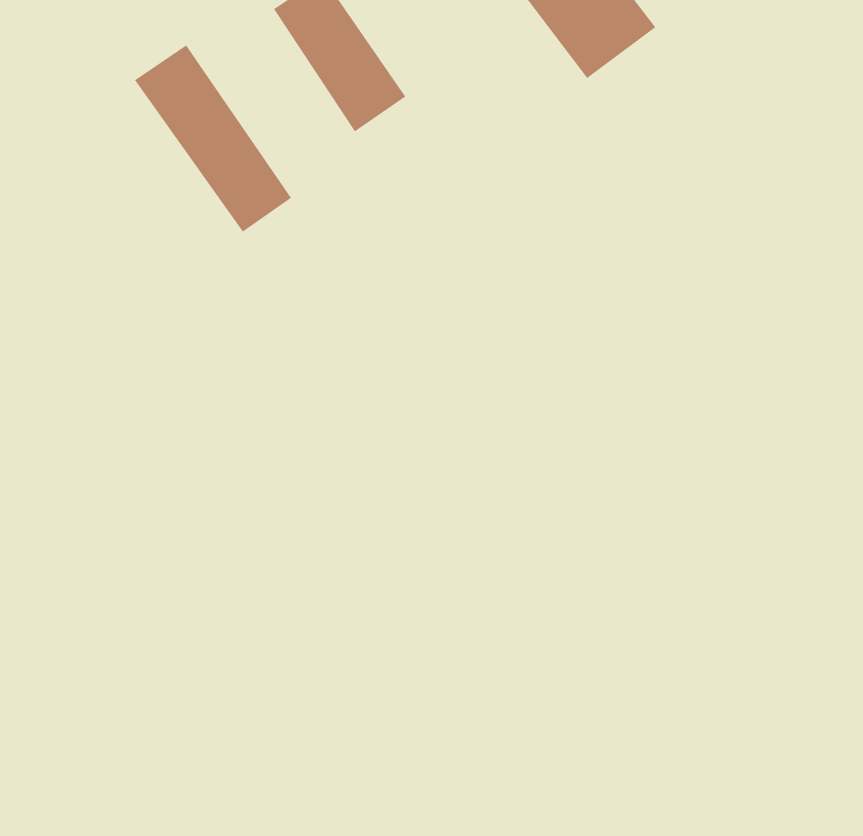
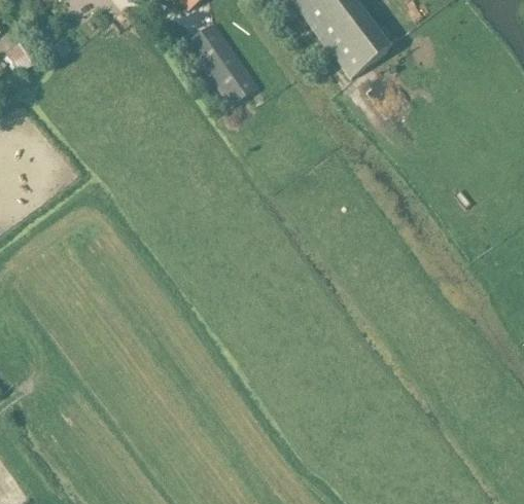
building: [134,44,292,232] -> none

